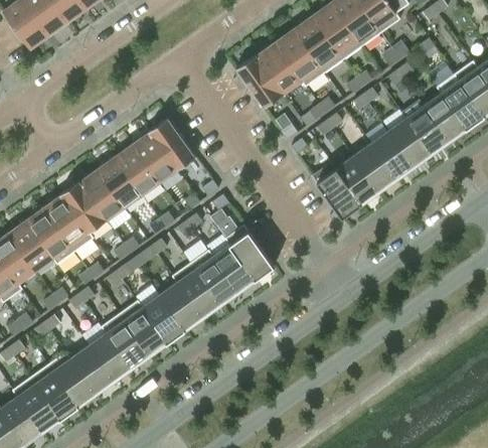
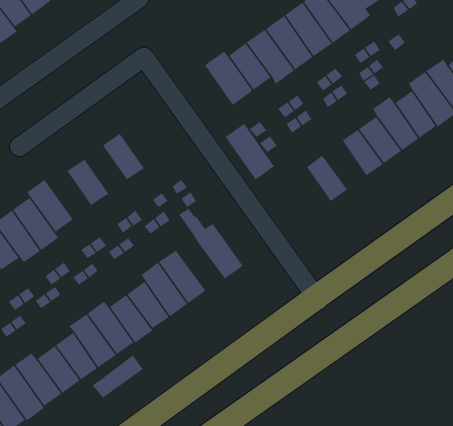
building: [149,117,195,169] -> none
building: [352,142,395,190] -> none
building: [118,147,159,194] -> none
building: [312,161,361,217] -> [225,123,275,180]
building: [78,172,124,219] -> none
building: [212,244,256,290] -> none
building: none -> [92,355,143,399]

